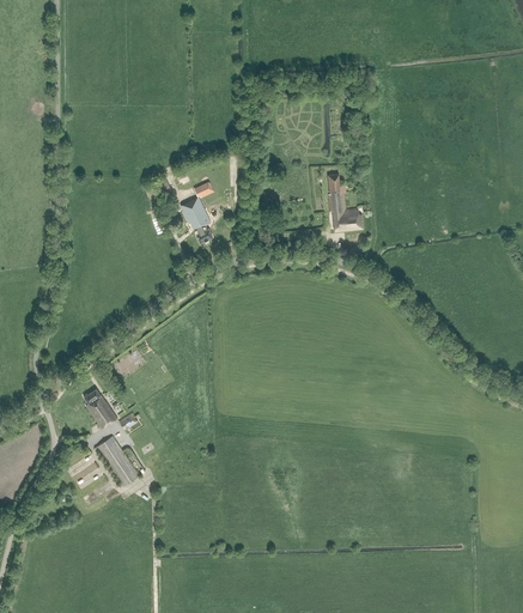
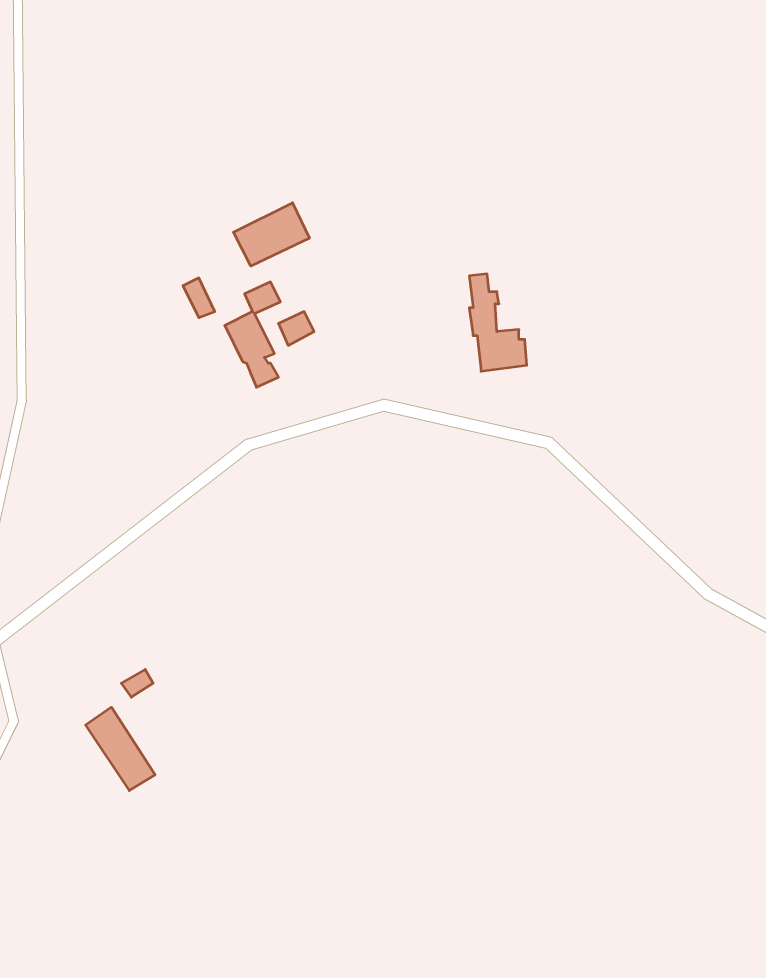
building: none -> [233,203,309,266]
building: [83,387,116,426] -> none

